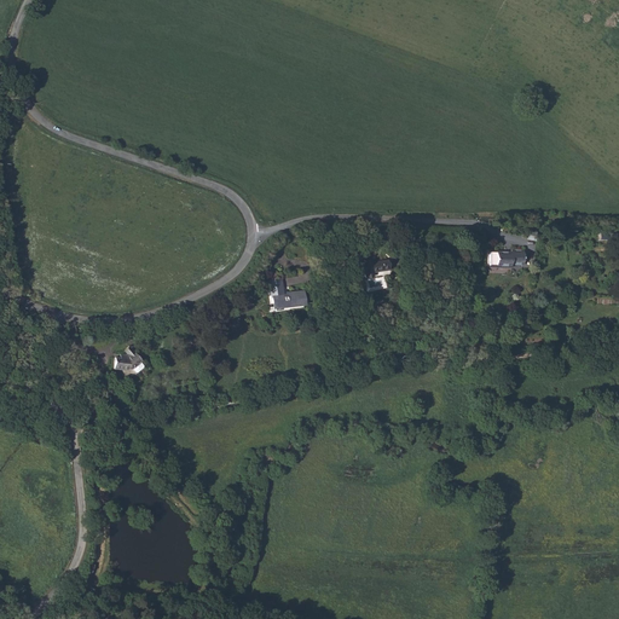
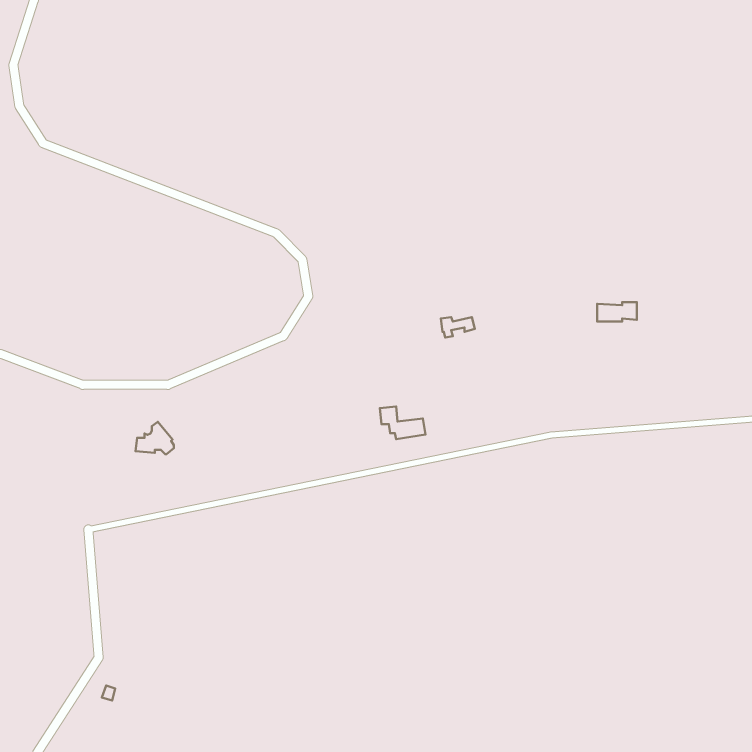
building: [271,283,308,310] -> [380,407,426,439]

